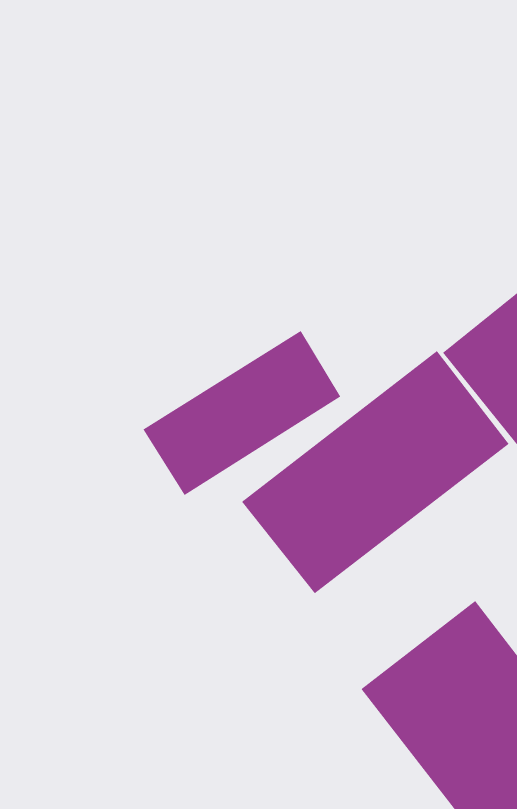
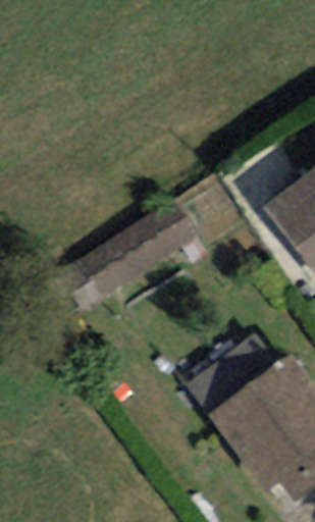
building: [241,350,510,594] -> none

